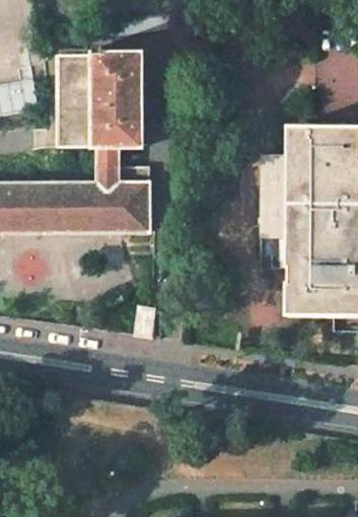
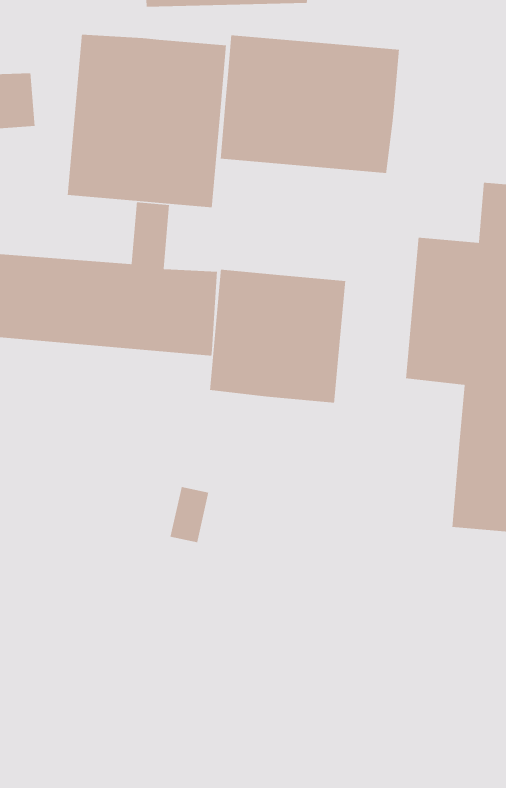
building: none -> [220,34,400,174]
building: none -> [209,269,346,404]

